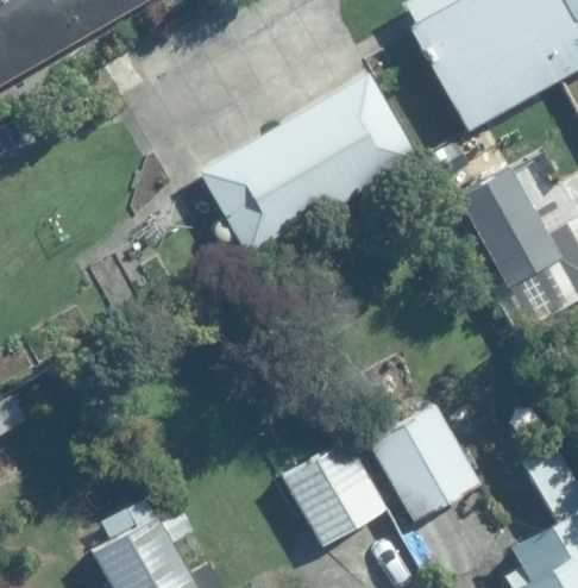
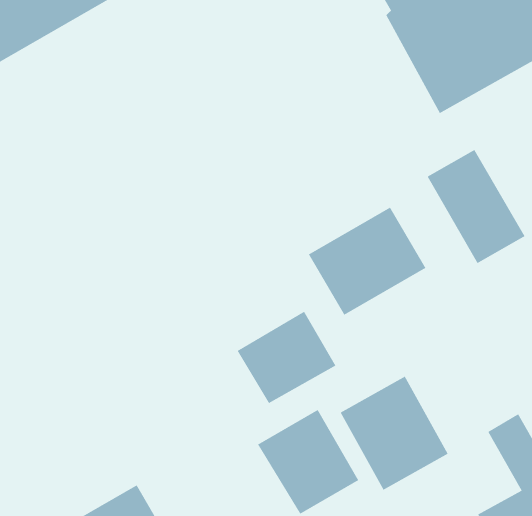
building: [200,76,414,251] -> none
building: none -> [308,207,426,316]
building: none -> [237,311,336,404]

